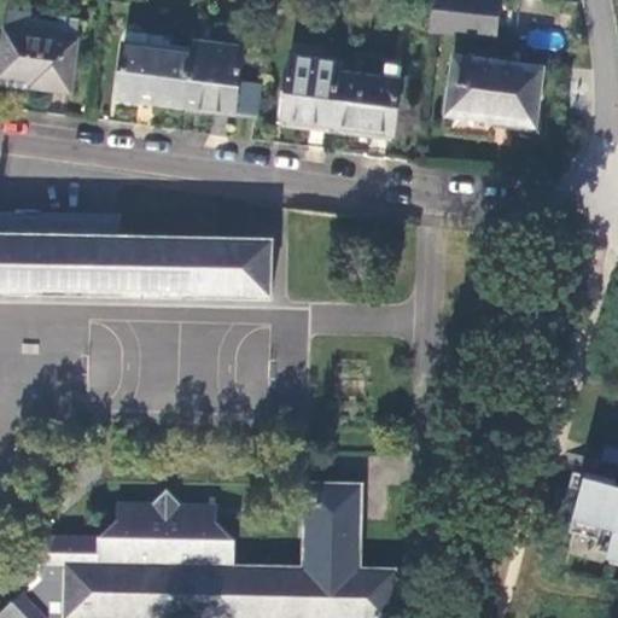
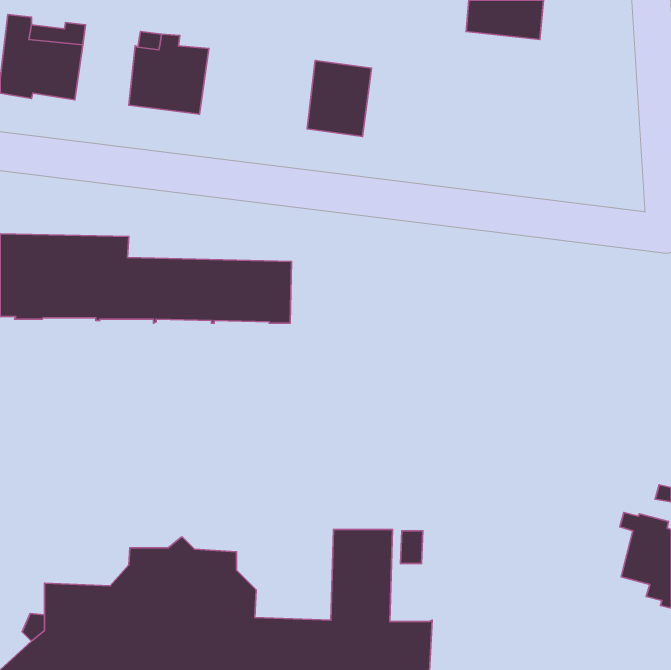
building: [183,41,243,113] -> none
building: [448,58,540,126] -> none
building: [333,64,402,134] -> none

